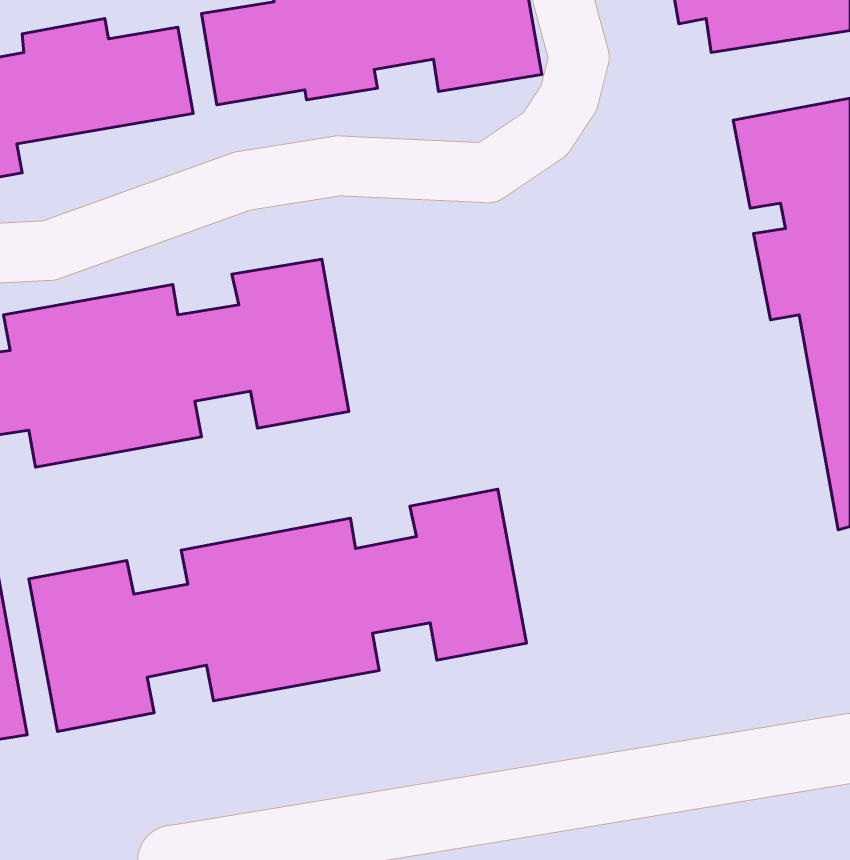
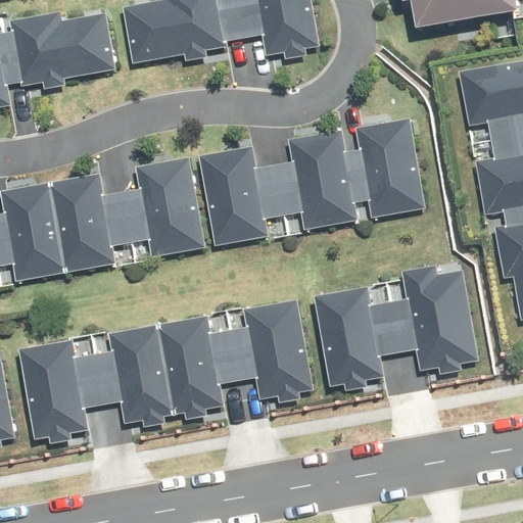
building: none -> [200,120,424,245]
building: none -> [310,263,473,388]

